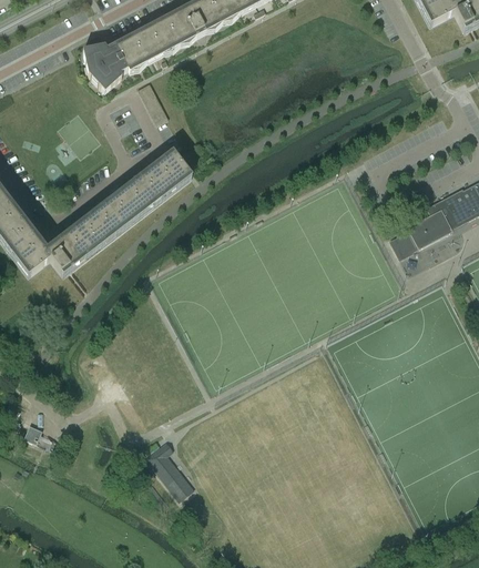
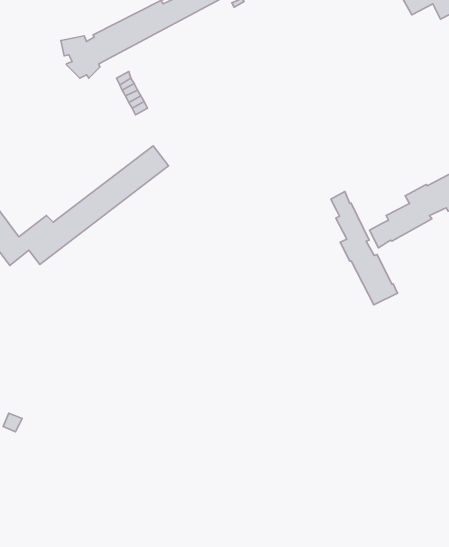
building: none -> [331,192,397,305]
building: [146,442,194,499] -> none

